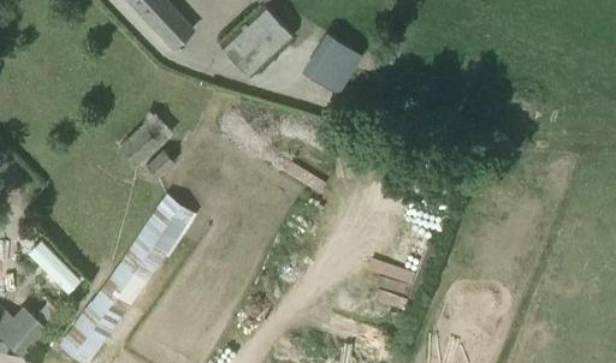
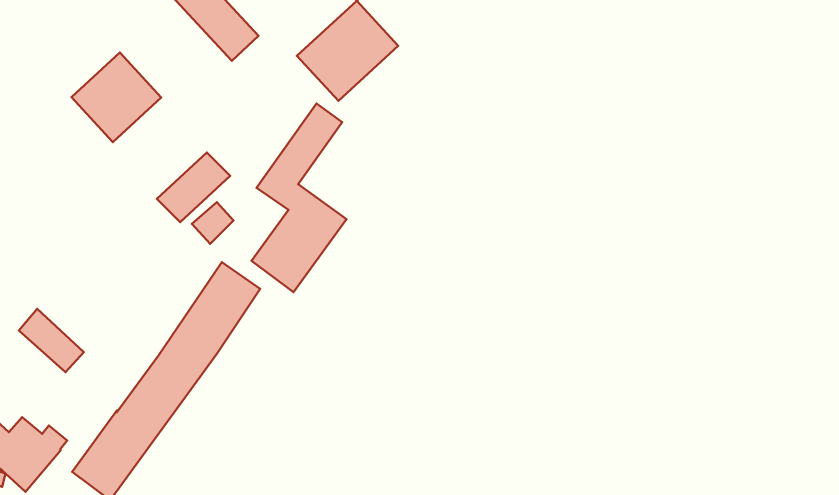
building: [308,36,361,93] -> none
building: none -> [71,52,161,142]
building: none -> [252,104,346,292]

